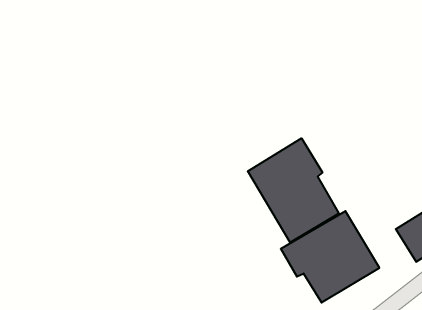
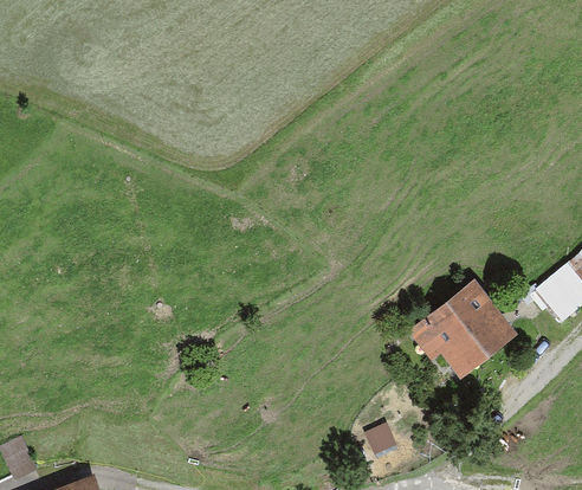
building: [248,138,339,242] -> none

